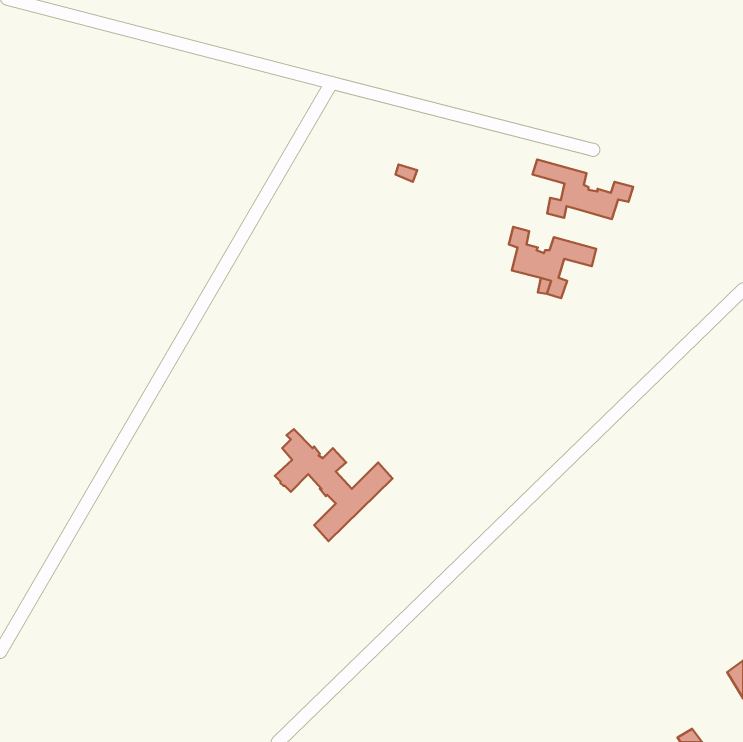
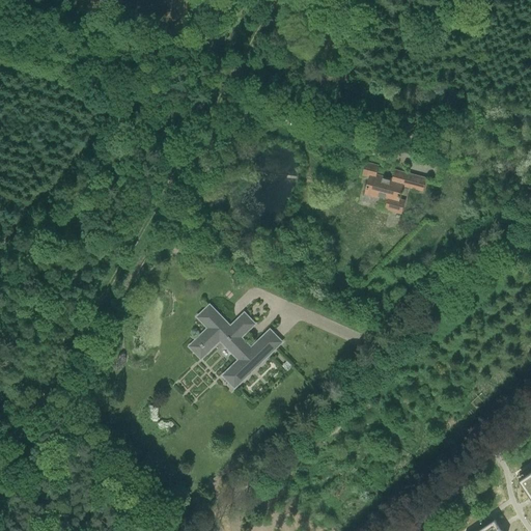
building: [533,159,633,219] -> none

